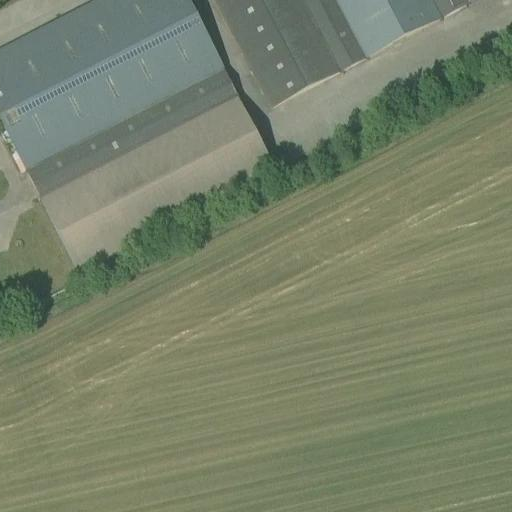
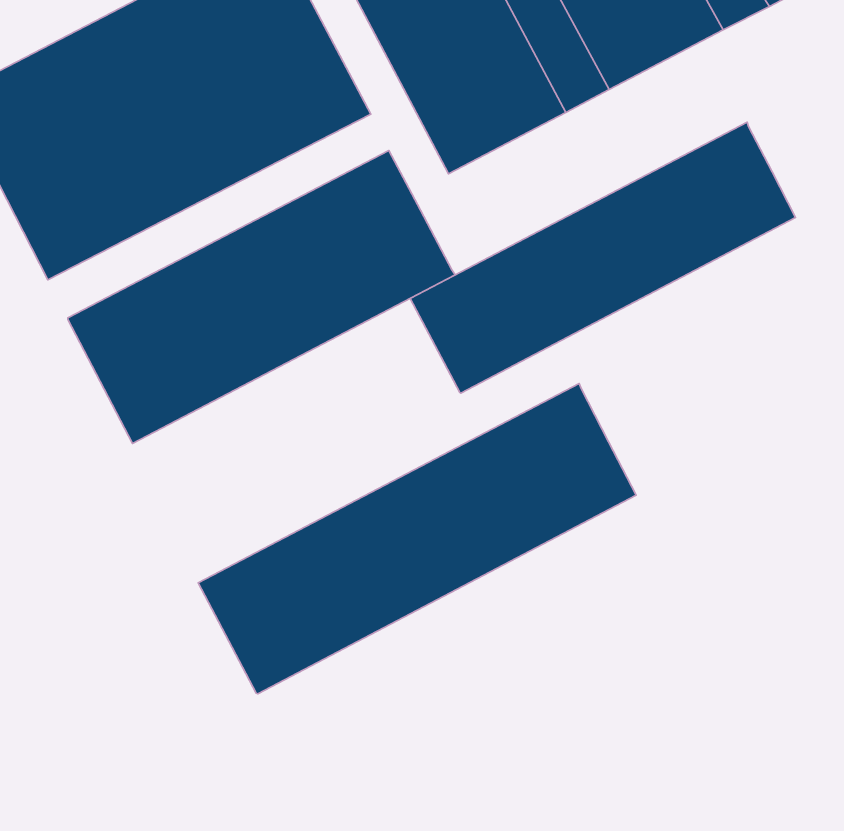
building: [29,69,235,192] -> none
building: none -> [410,122,796,393]
building: none -> [198,384,636,694]

